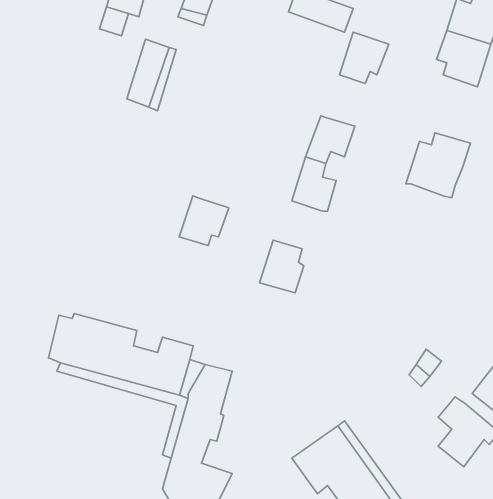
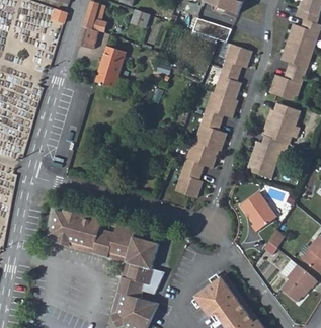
building: none -> [215,68,240,99]
building: none -> [269,68,305,99]
building: none -> [247,133,285,176]
building: [179,196,229,245] -> [183,142,213,171]
building: none -> [240,190,276,230]

